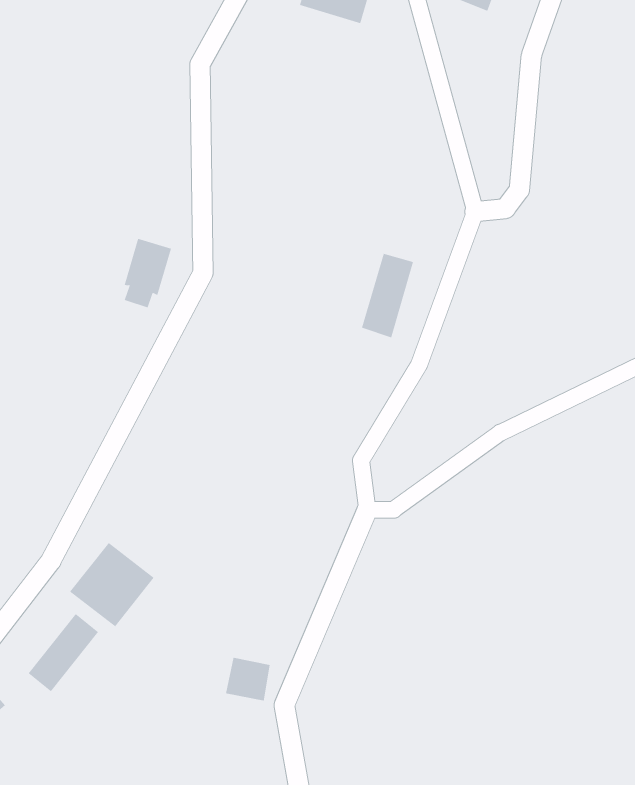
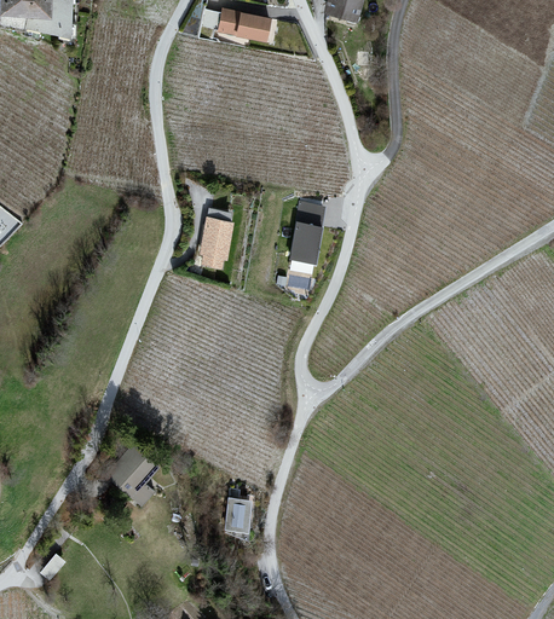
building: [124,238,172,308] -> [200,219,231,268]
building: [28,613,99,692] -> none

